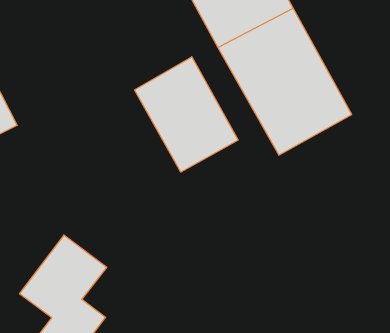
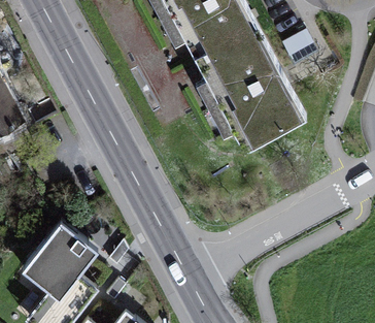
building: [135,57,238,172] -> none

